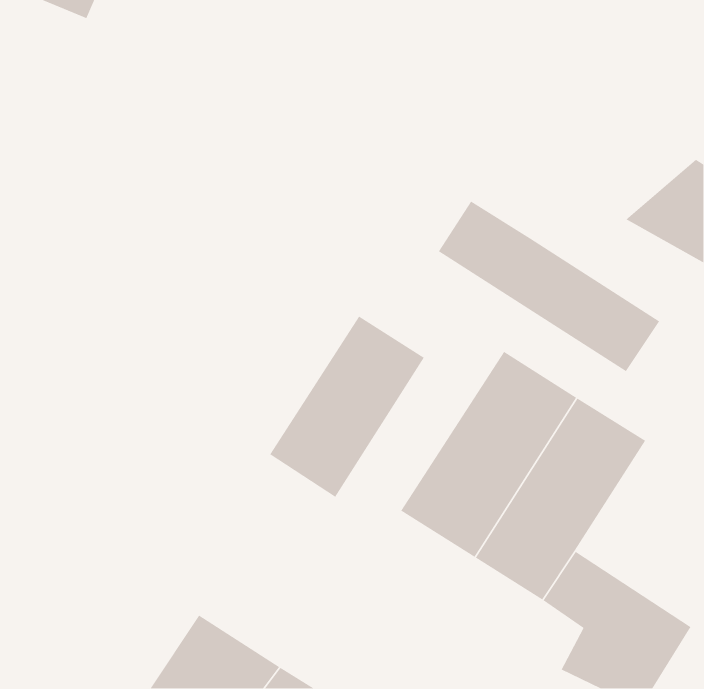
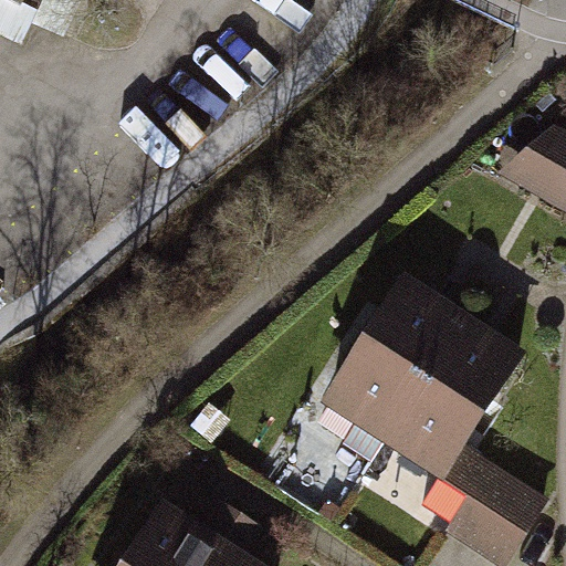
building: [438,201,660,372] -> none
building: [269,315,425,498] -> none

